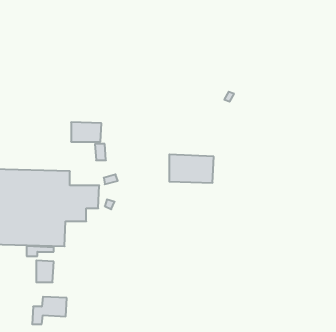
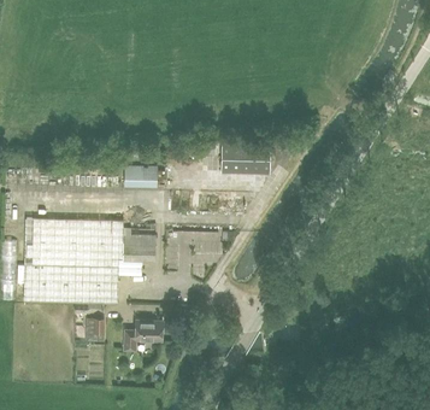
building: [169,154,214,183] -> [220,141,270,172]
building: [32,297,67,324] -> [123,320,161,350]

